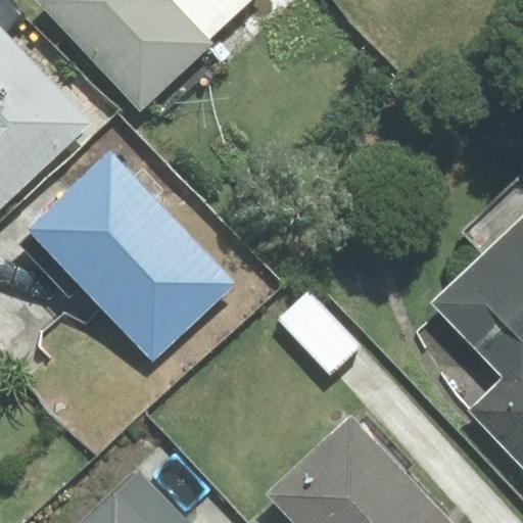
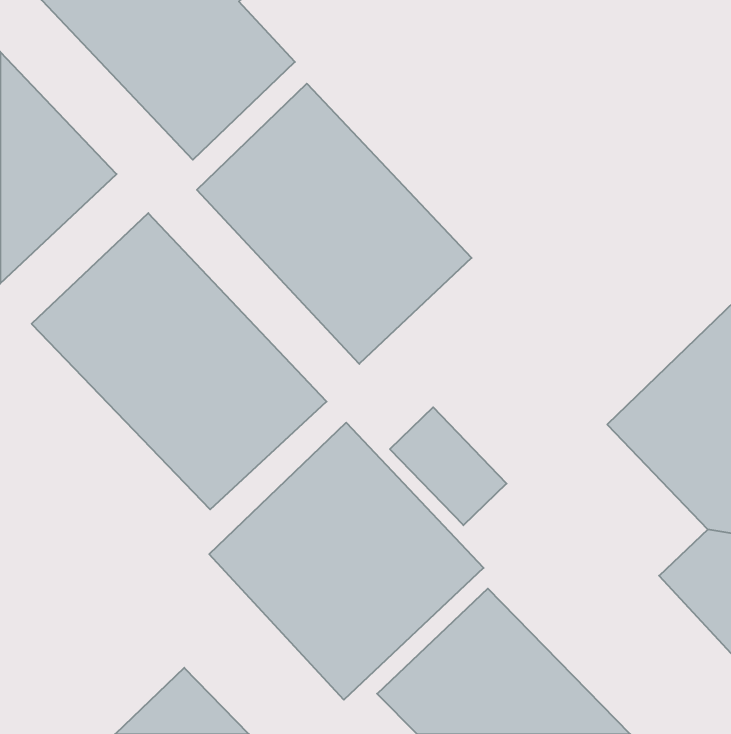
building: none -> [197,84,472,364]
building: none -> [209,423,484,700]

